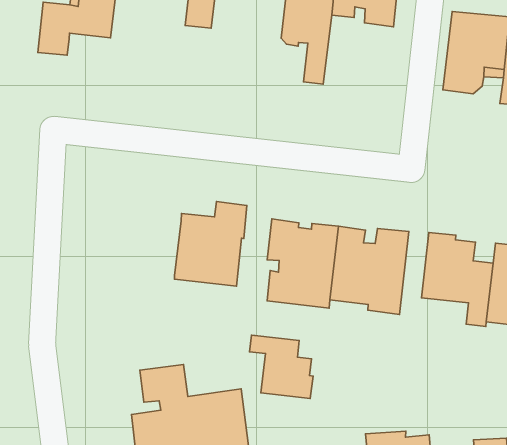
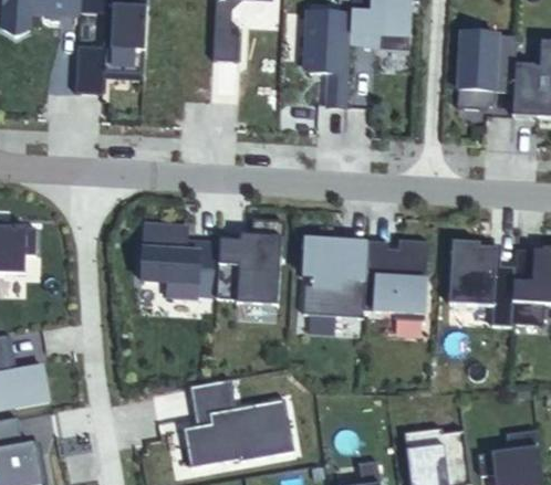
building: none -> [142,224,219,297]
building: [250,335,313,399] -> none

